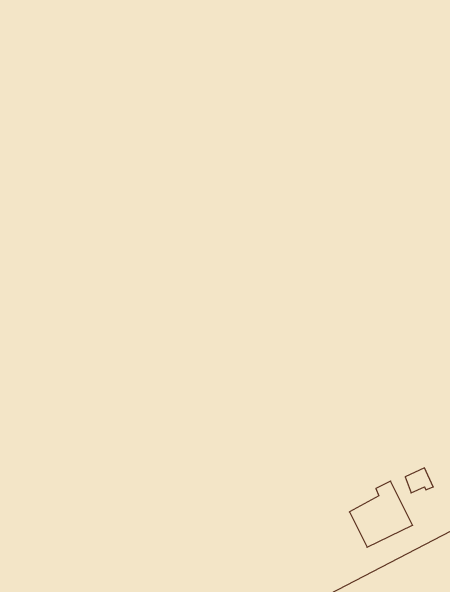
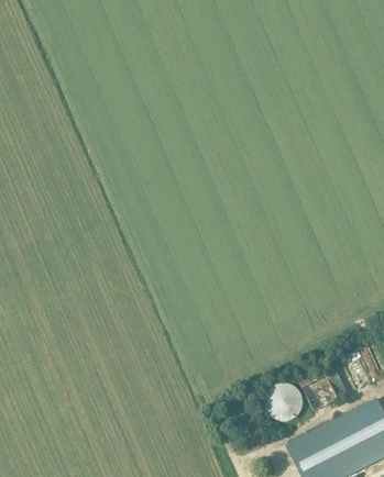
building: none -> [264,382,303,421]

